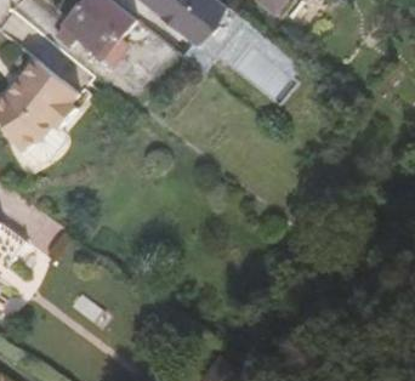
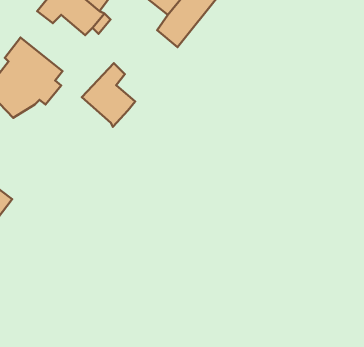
building: none -> [82,63,135,127]

